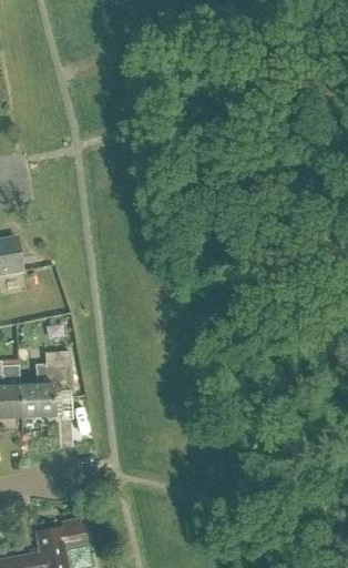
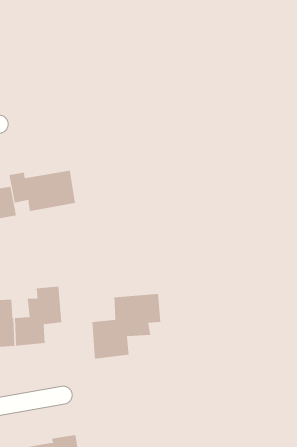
building: none -> [9,170,76,212]
building: none -> [92,293,161,360]

